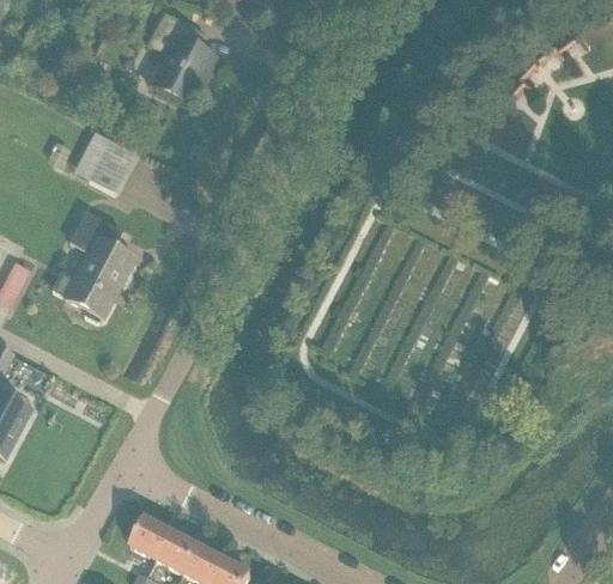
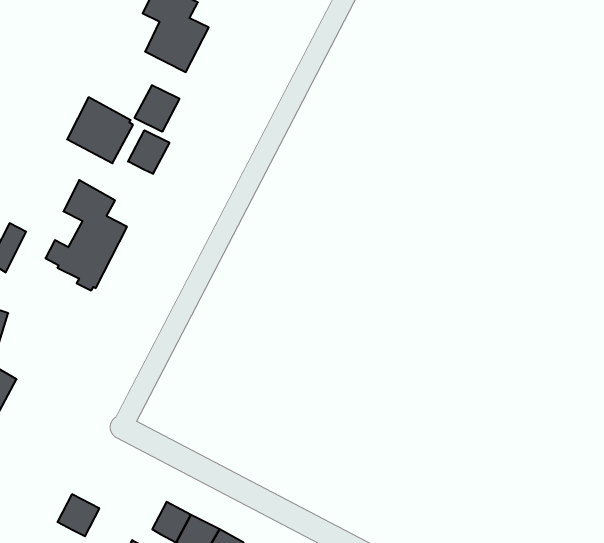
building: none -> [135,85,179,132]
building: none -> [128,130,169,174]
building: [132,517,174,559] -> [57,494,99,536]

